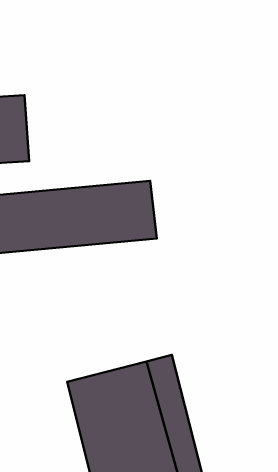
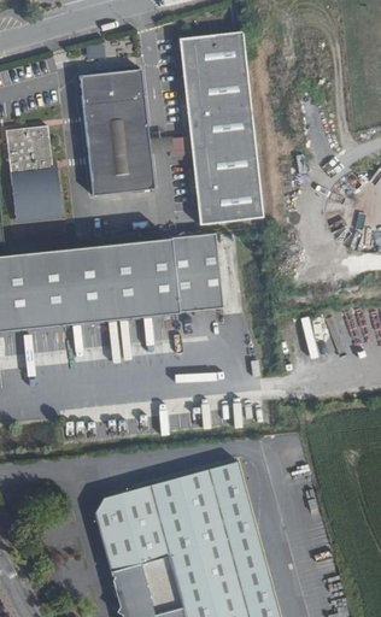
building: none -> [164,30,262,225]
building: none -> [81,69,153,195]

